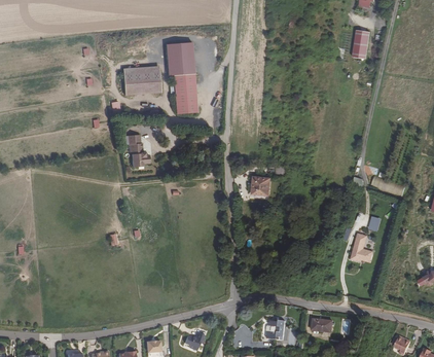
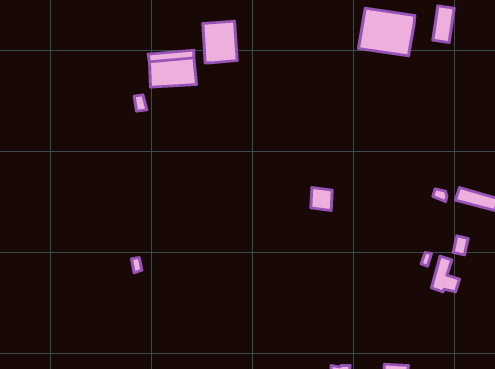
building: none -> [359,8,415,56]
building: [173,73,196,113] -> none
building: [126,134,148,167] -> none

